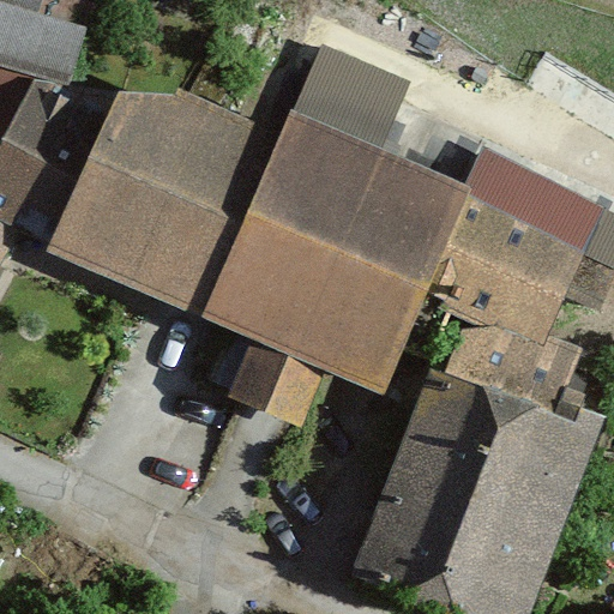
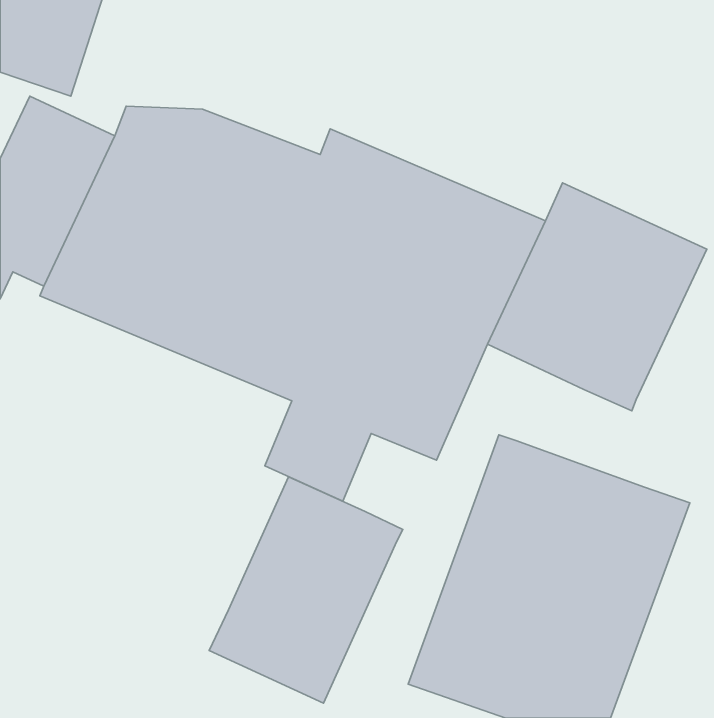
building: [305,35,417,132] -> none
building: [445,330,577,413] -> none
building: none -> [209,477,403,703]

